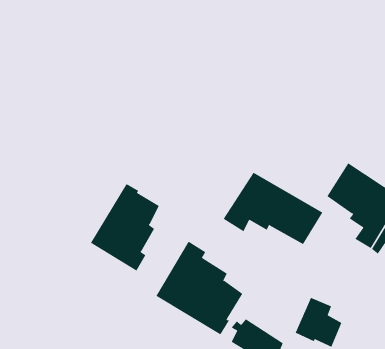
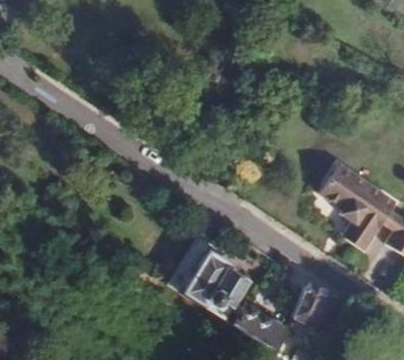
building: [223,172,323,245] -> none
building: [90,183,160,272] -> none

